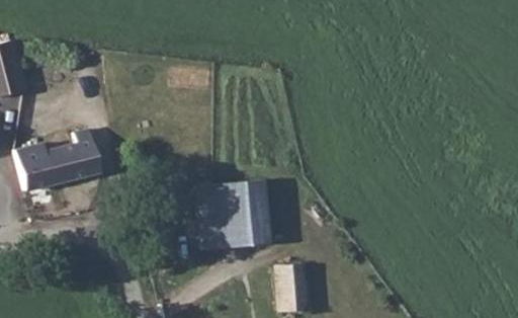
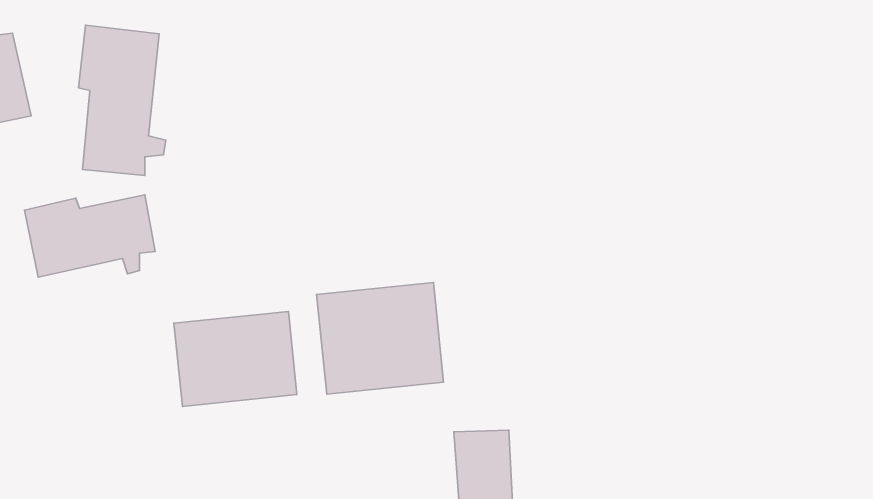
building: none -> [78,25,166,175]
building: none -> [174,311,297,406]

